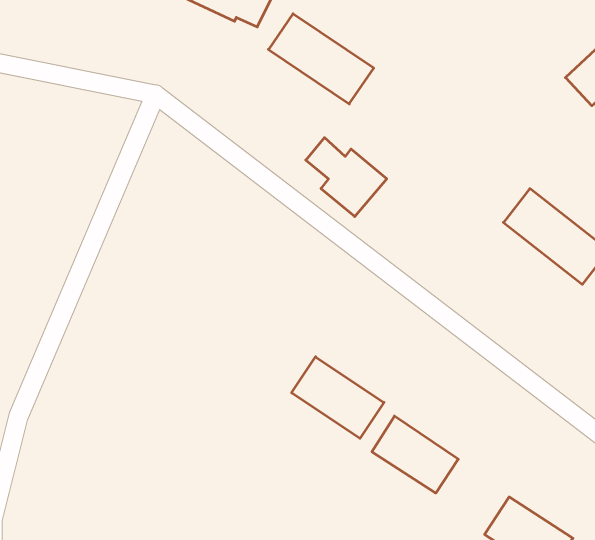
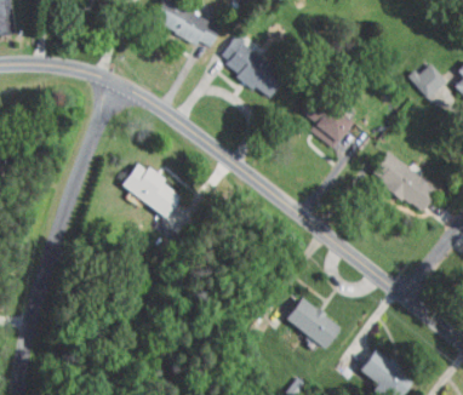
building: [306,138,387,217] -> [302,97,354,148]
building: none -> [121,162,183,218]
building: [292,357,384,438] -> none

